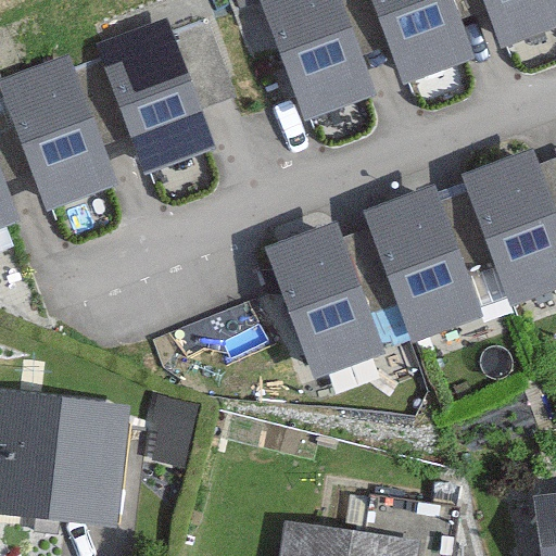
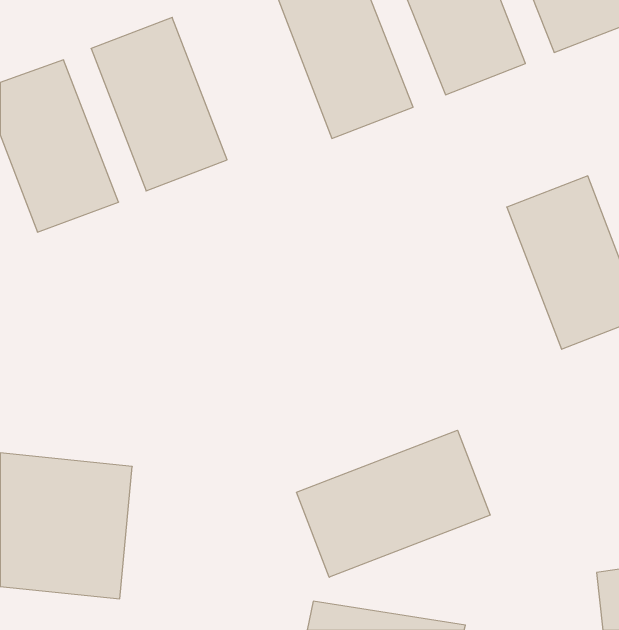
building: [363,190,481,341] -> none
building: [265,228,383,379] -> none
building: none -> [296,430,490,577]

